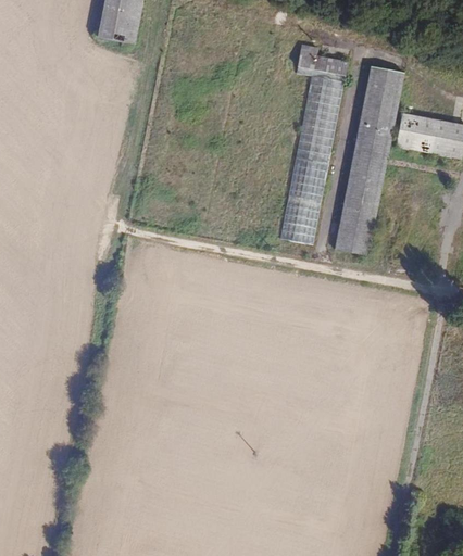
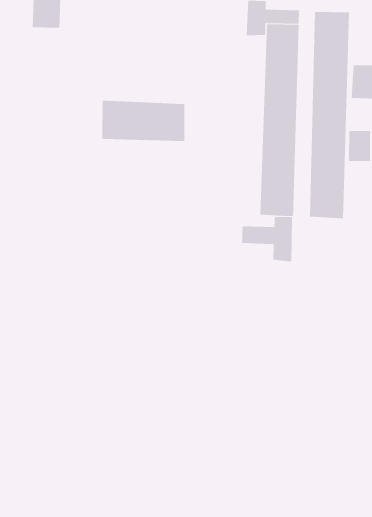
building: none -> [102,100,185,142]
building: none -> [241,216,293,262]

